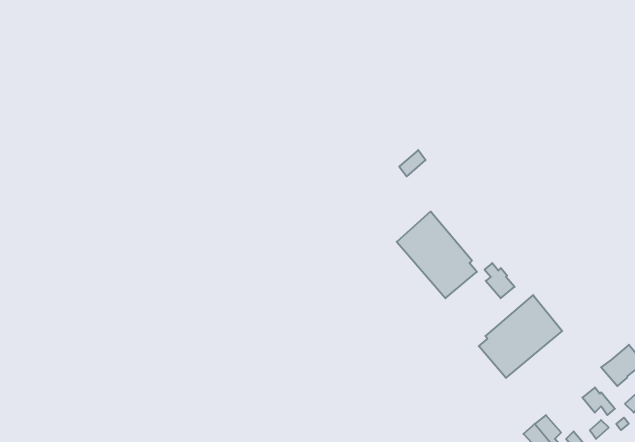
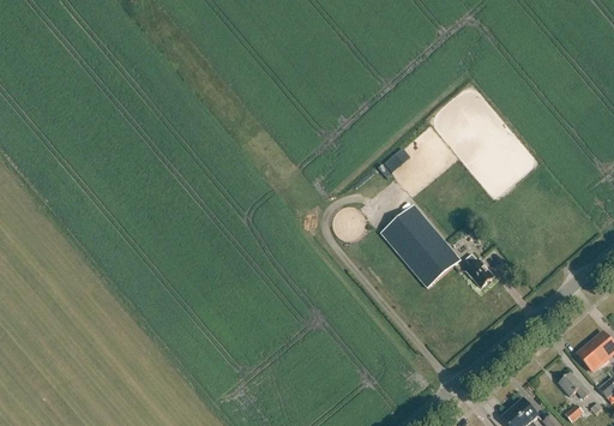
building: [479,295,562,378] -> none

